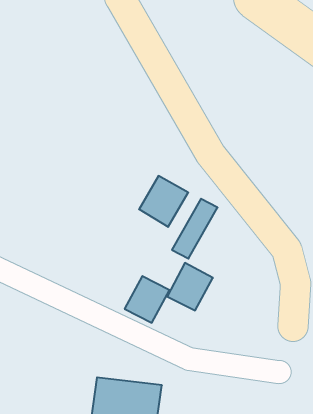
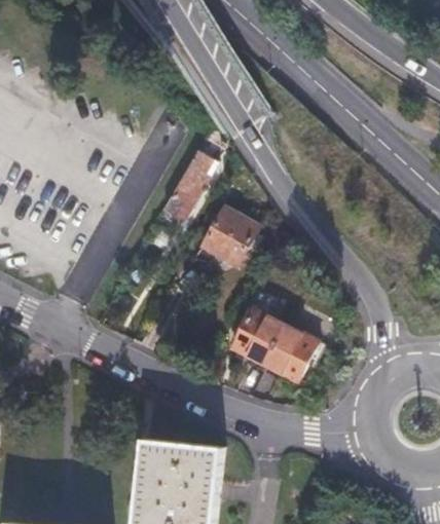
building: [172,199,218,259] -> [161,153,215,223]
building: [125,276,169,323] -> [264,326,317,380]

